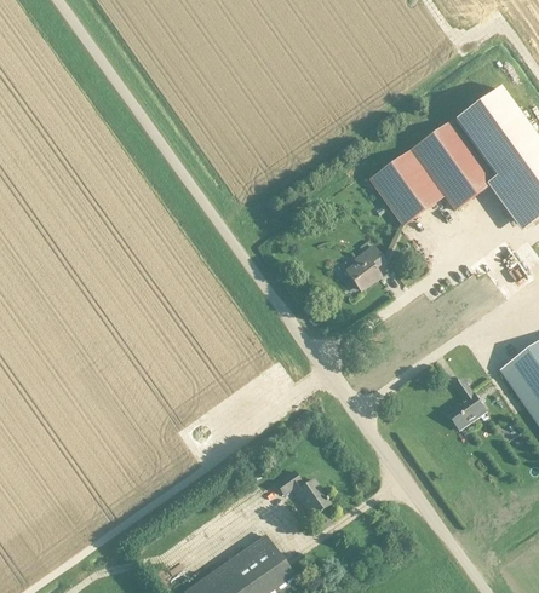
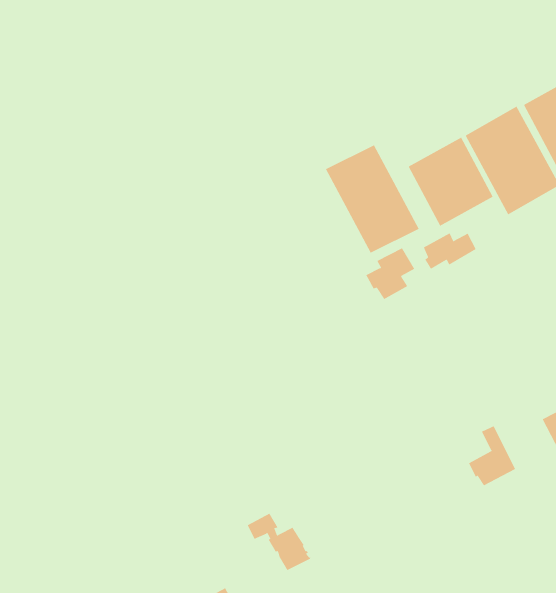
building: none -> [325,145,419,254]
building: none -> [423,232,477,271]

